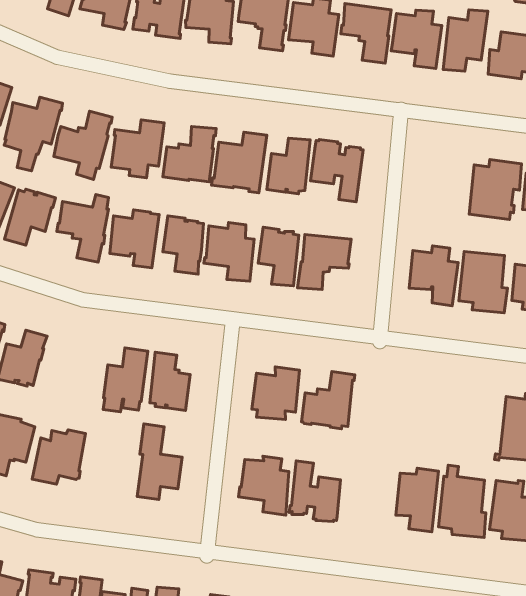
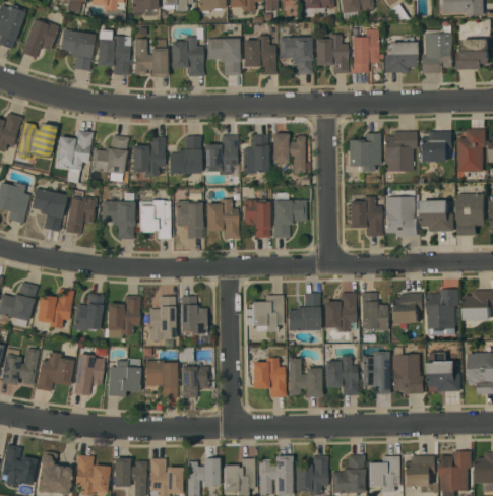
building: none -> [348,133,380,172]
building: none -> [107,295,140,337]
building: none -> [323,292,356,331]
building: none -> [360,293,387,330]
building: none -> [390,293,423,324]
building: none -> [144,360,177,398]
building: none -> [324,356,358,395]

